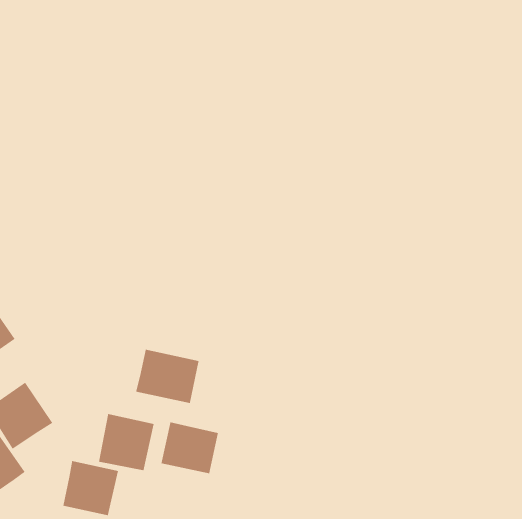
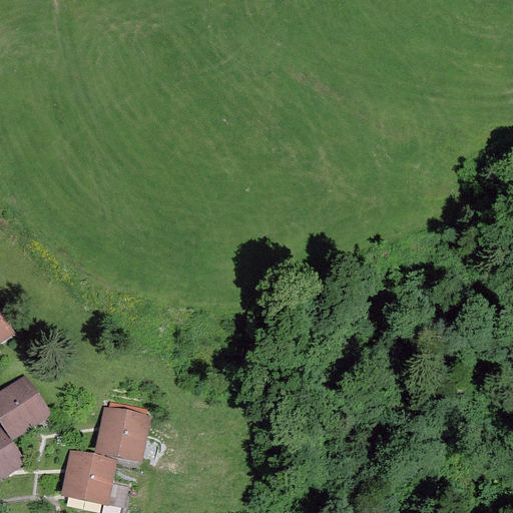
building: [135,349,199,404] -> none
building: [161,421,218,474] -> none

